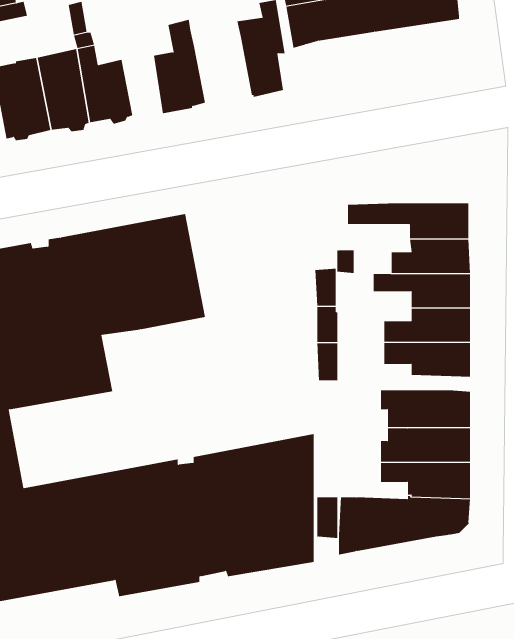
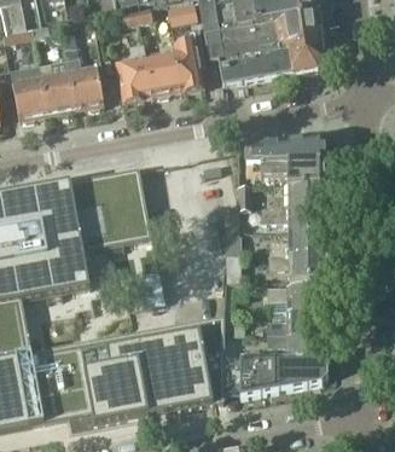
building: none -> [217,37,323,82]
building: none -> [144,50,181,95]
building: none -> [245,134,327,160]

